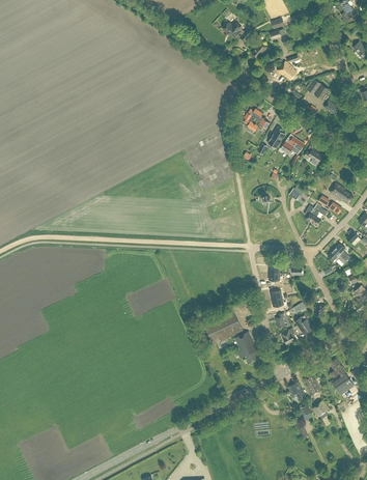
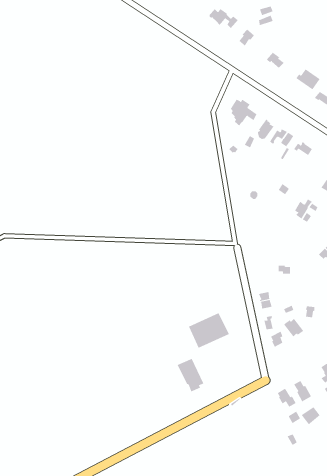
building: [234,331,260,363] -> [177,358,204,392]

